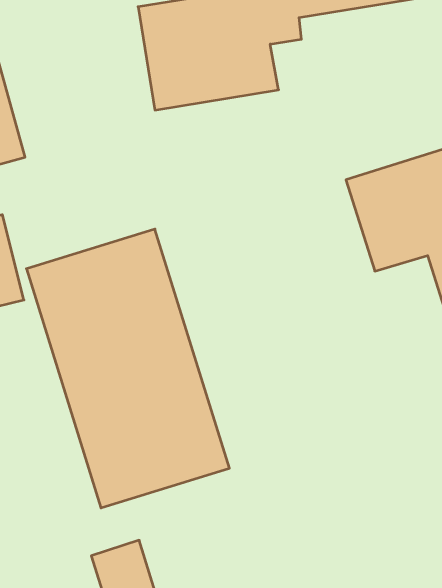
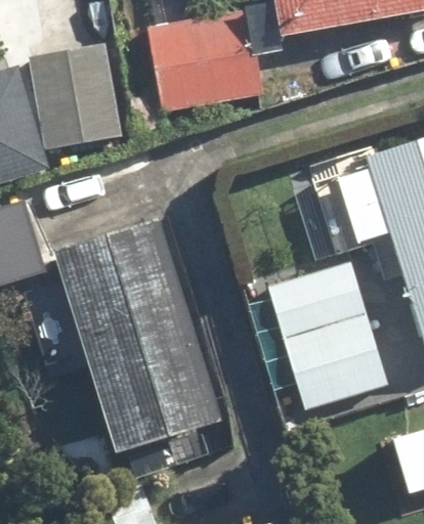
building: none -> [33,32,124,136]
building: none -> [267,259,388,410]

